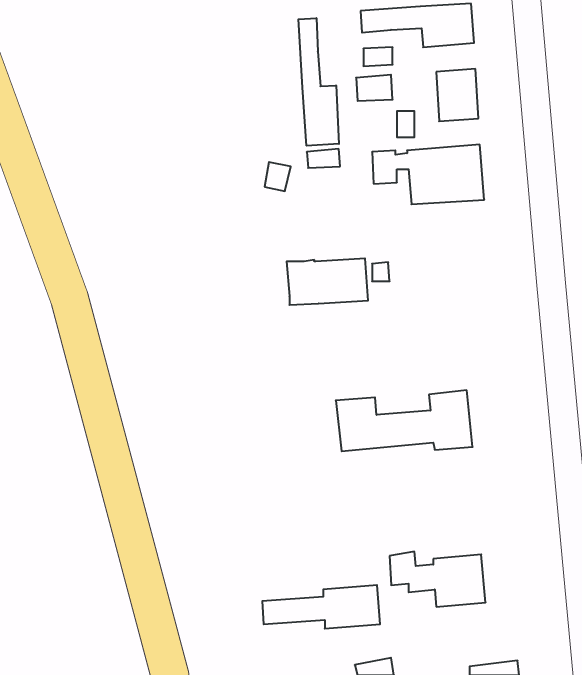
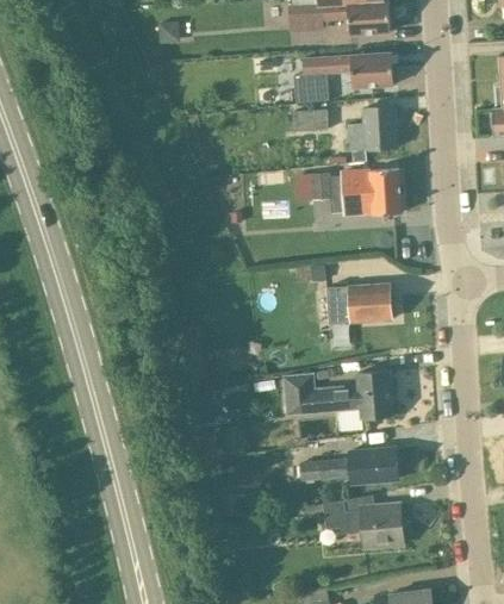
building: [298,18,339,146] -> none
building: [287,258,368,305] -> [325,285,392,323]
building: [262,585,380,629] -> [301,448,398,484]

